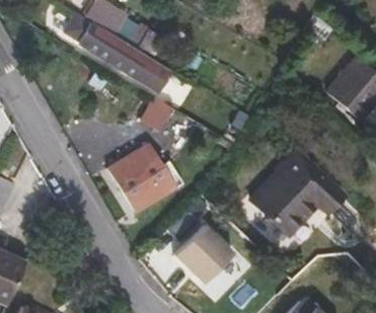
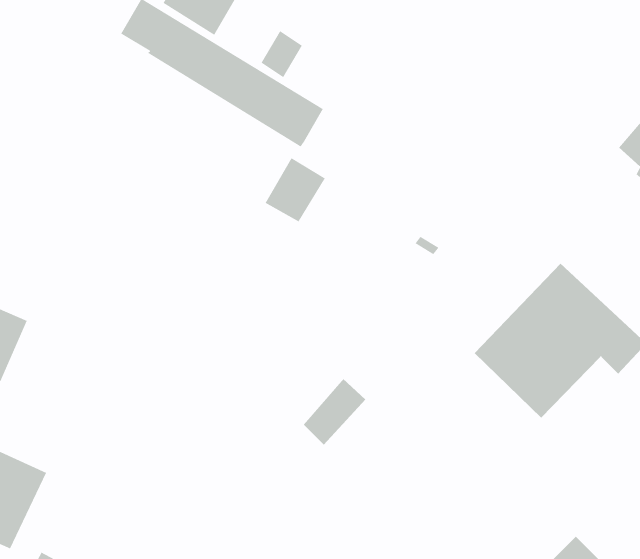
building: [108,143,183,213] -> none
building: [172,224,230,282] -> none

